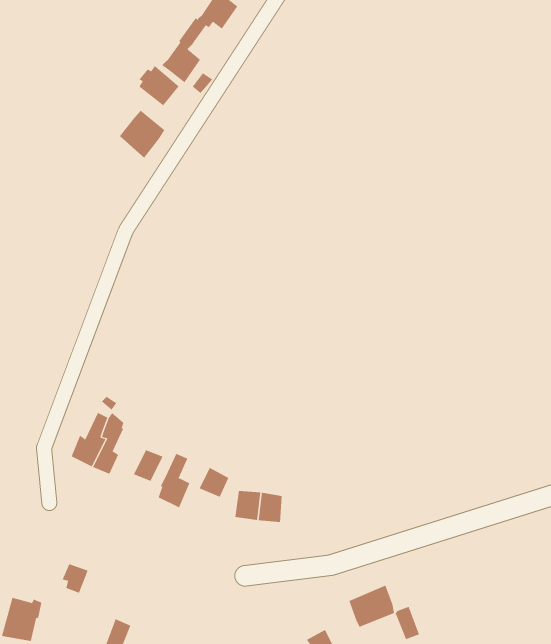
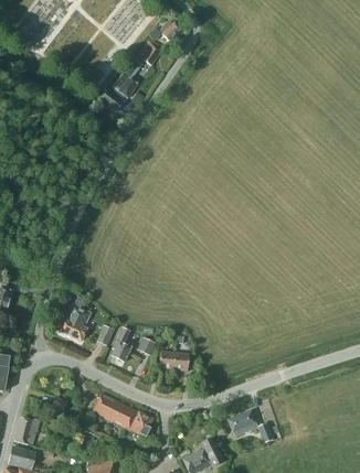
building: [119,110,165,158] -> none
building: none -> [92,393,152,437]

